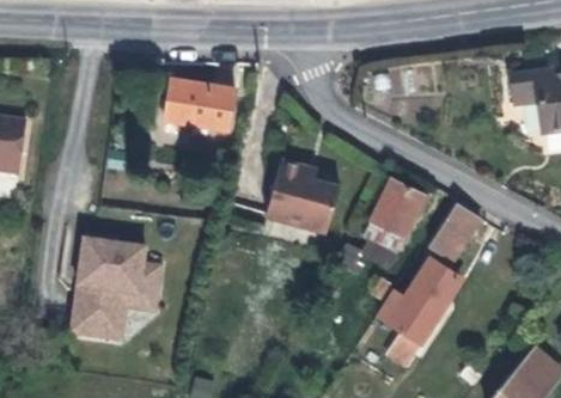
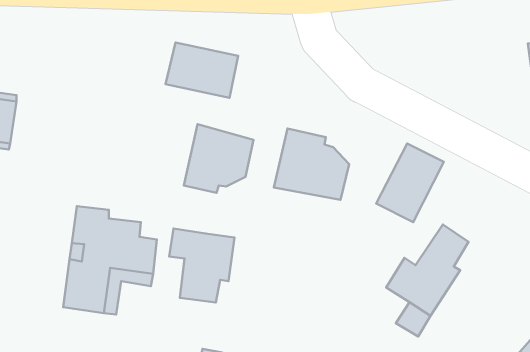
building: none -> [184,124,254,193]
building: [428,198,478,252] -> none
building: none -> [169,229,235,303]

